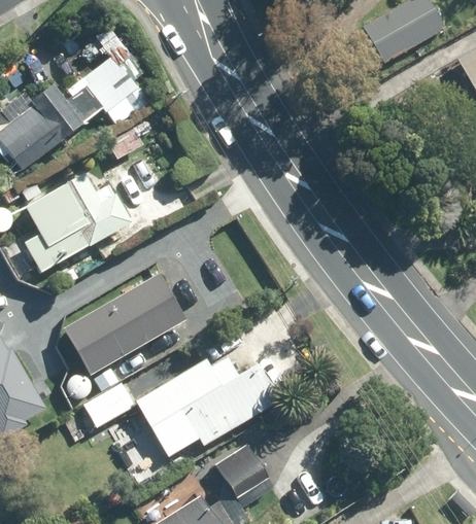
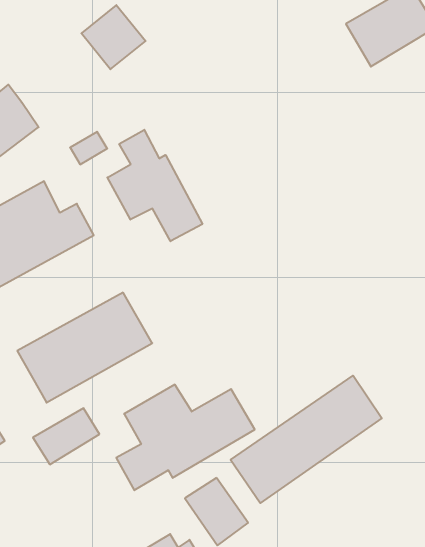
building: [77,53,136,111] -> [81,5,146,69]
building: none -> [107,130,202,241]
building: none -> [231,376,382,503]

